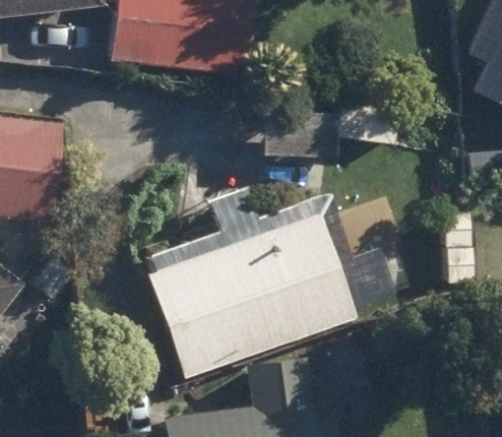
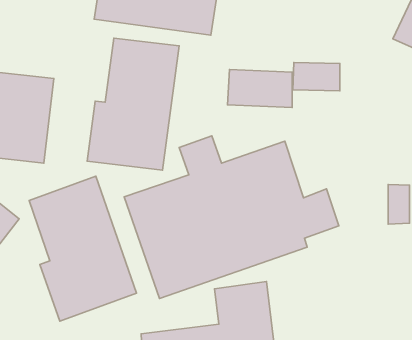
building: none -> [87,38,179,170]
building: none -> [29,176,137,321]

